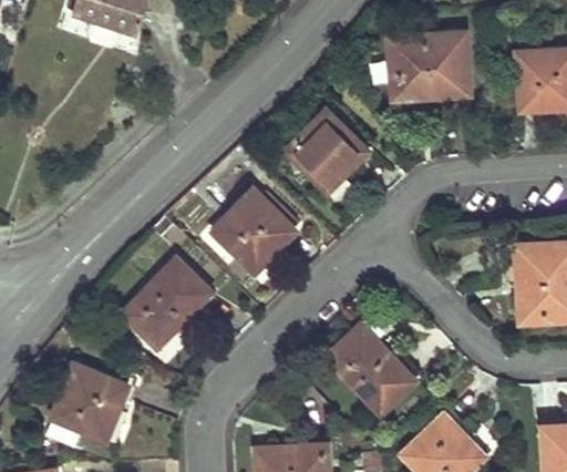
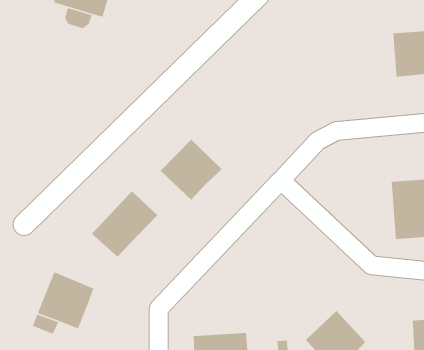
building: [389,32,471,100] -> none
building: [285,110,367,202] -> none
building: [327,326,415,414] -> none

